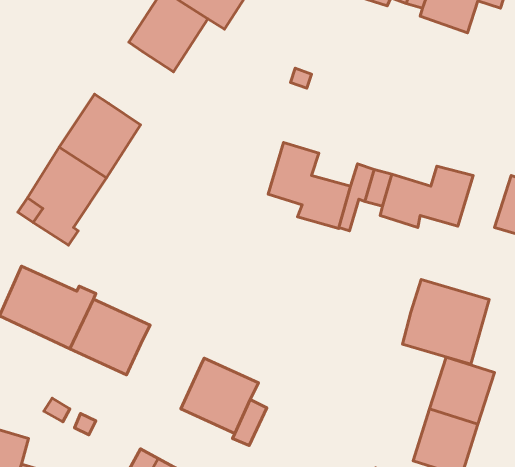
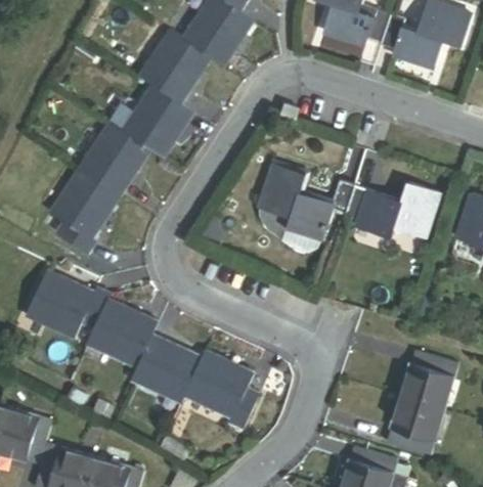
building: none -> [122,85,192,157]
building: [403,279,489,364] -> none
building: none -> [132,335,202,401]

